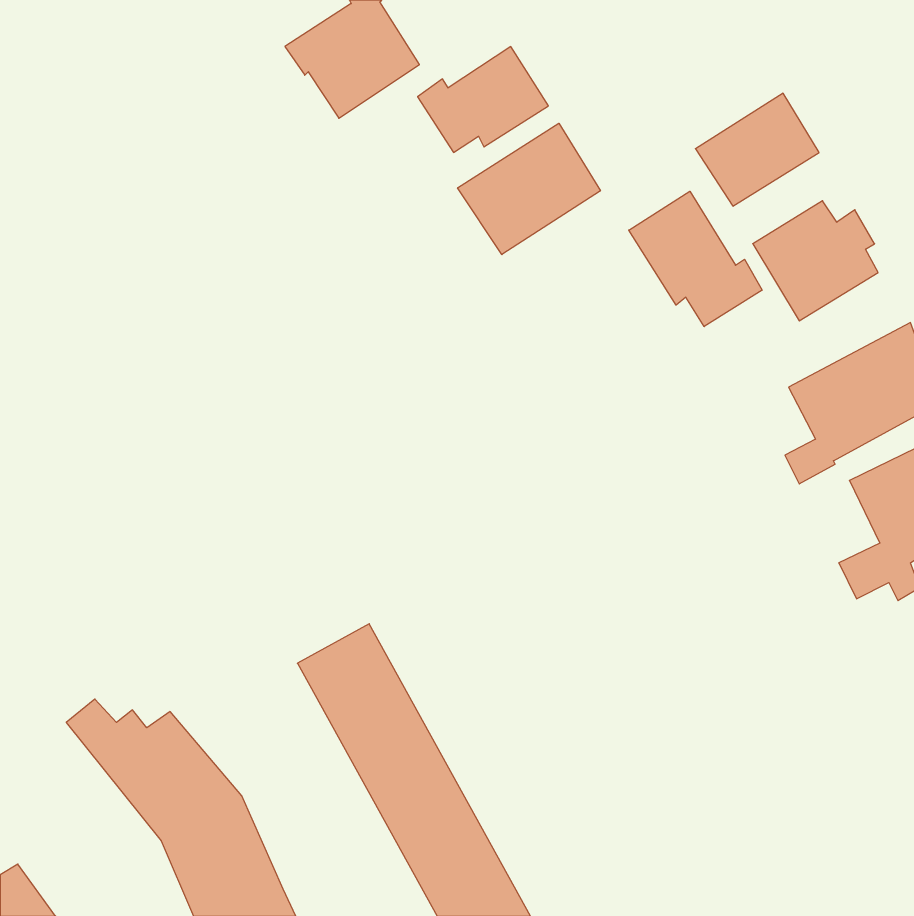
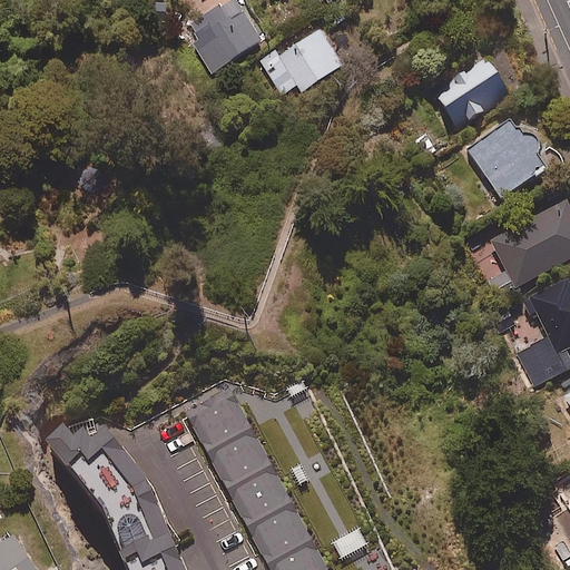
building: [458,123,600,255] -> none
building: [629,191,762,327] -> none

